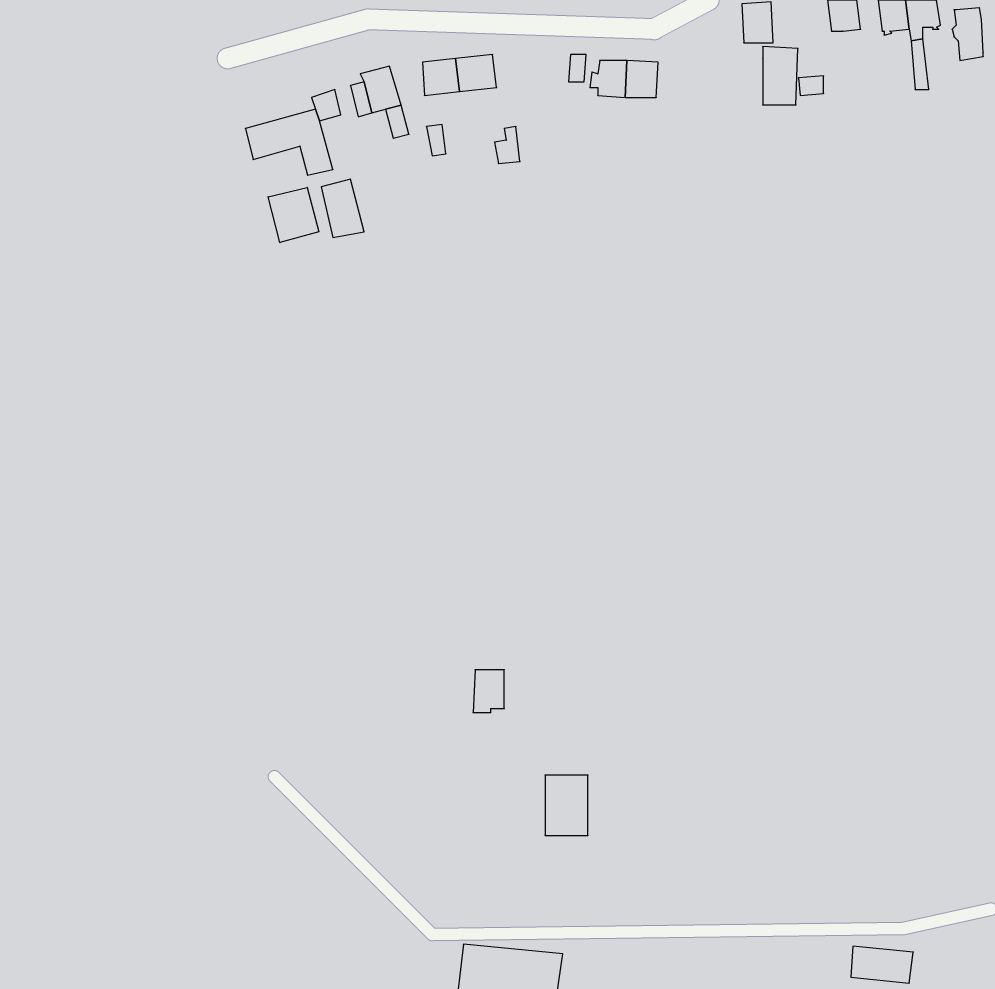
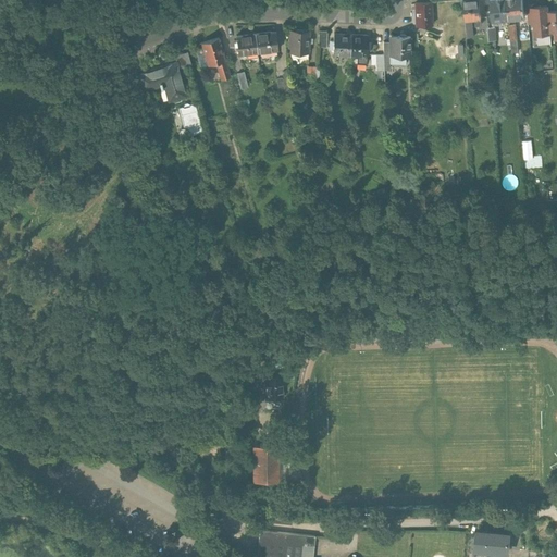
building: [763,47,798,105] -> [391,38,410,71]
building: none -> [288,33,310,55]
building: [268,187,319,243] -> none
building: [545,775,588,835] -> [253,447,277,481]

